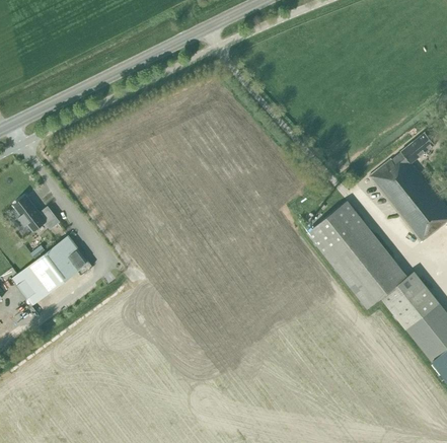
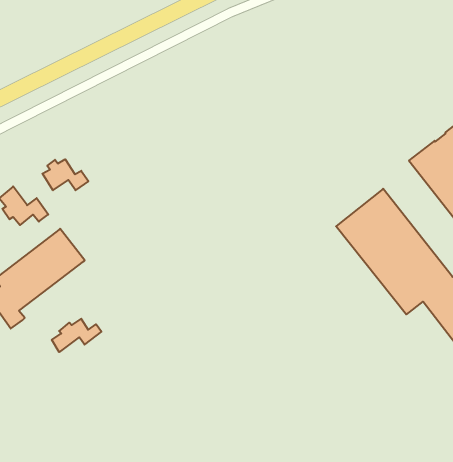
building: none -> [42,159,88,190]
building: none -> [52,319,101,352]

